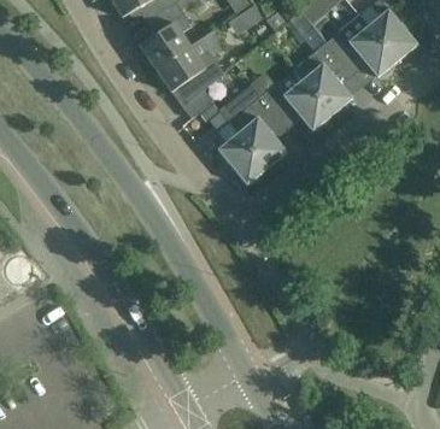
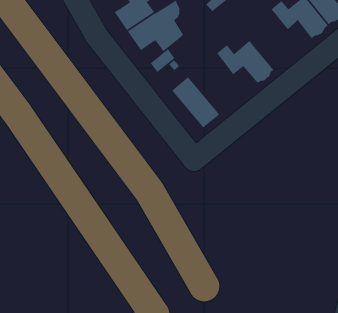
building: [293,41,353,114] -> none
building: [228,94,286,168] -> none

